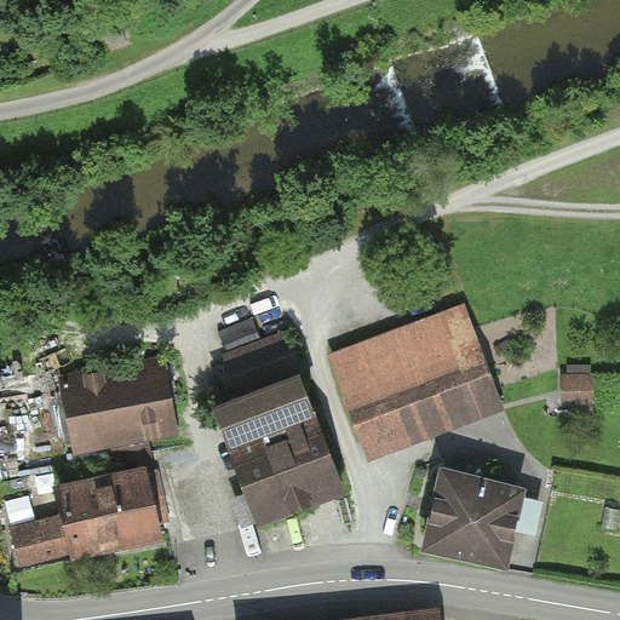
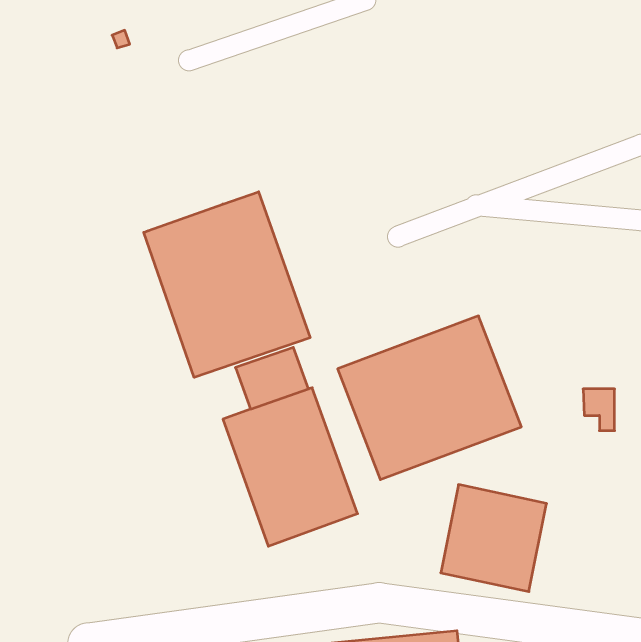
building: none -> [144,192,310,377]
building: [61,363,172,454] -> none
building: [8,466,163,566] -> none

